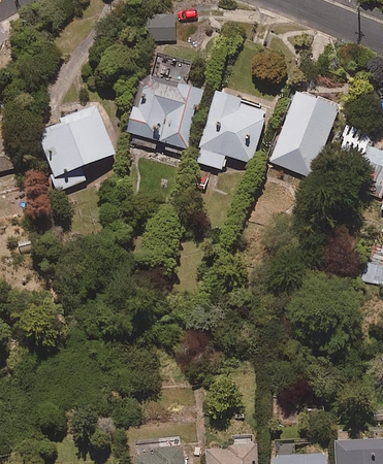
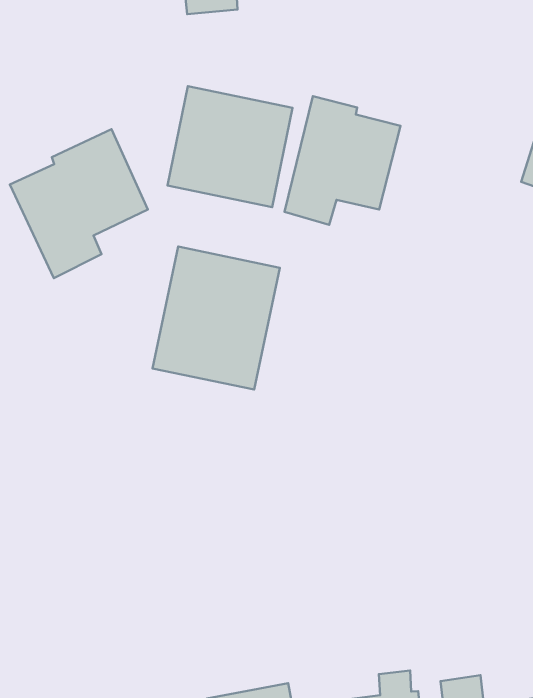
building: [269,90,339,177] -> none
building: none -> [152,246,280,390]

